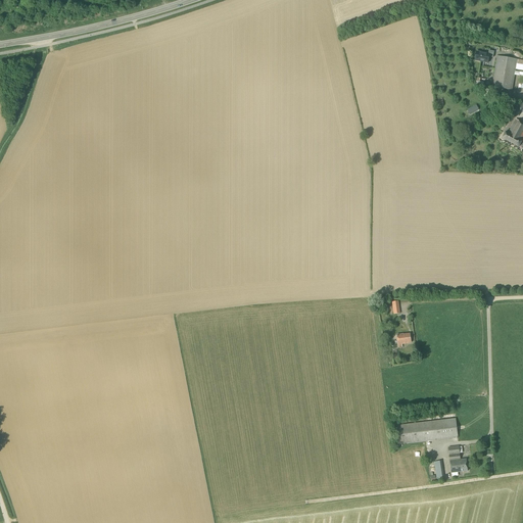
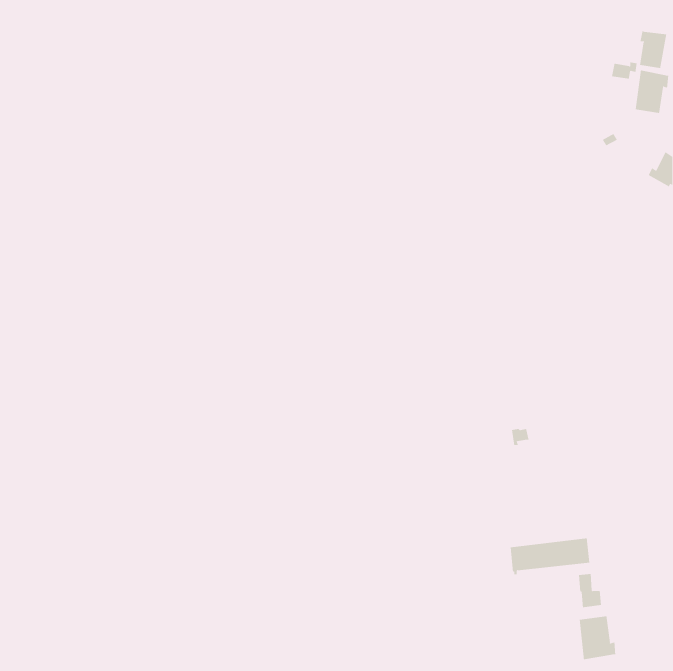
building: none -> [639,30,667,69]
building: none -> [579,616,616,660]

